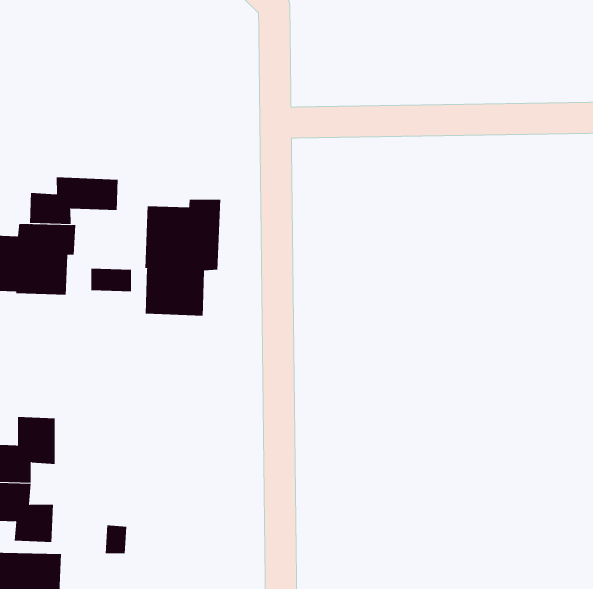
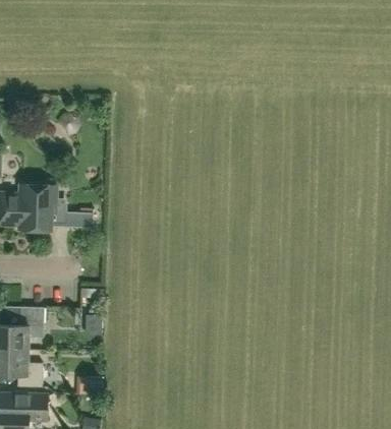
building: [30,177,118,225] -> none
building: [145,199,221,316] -> none

